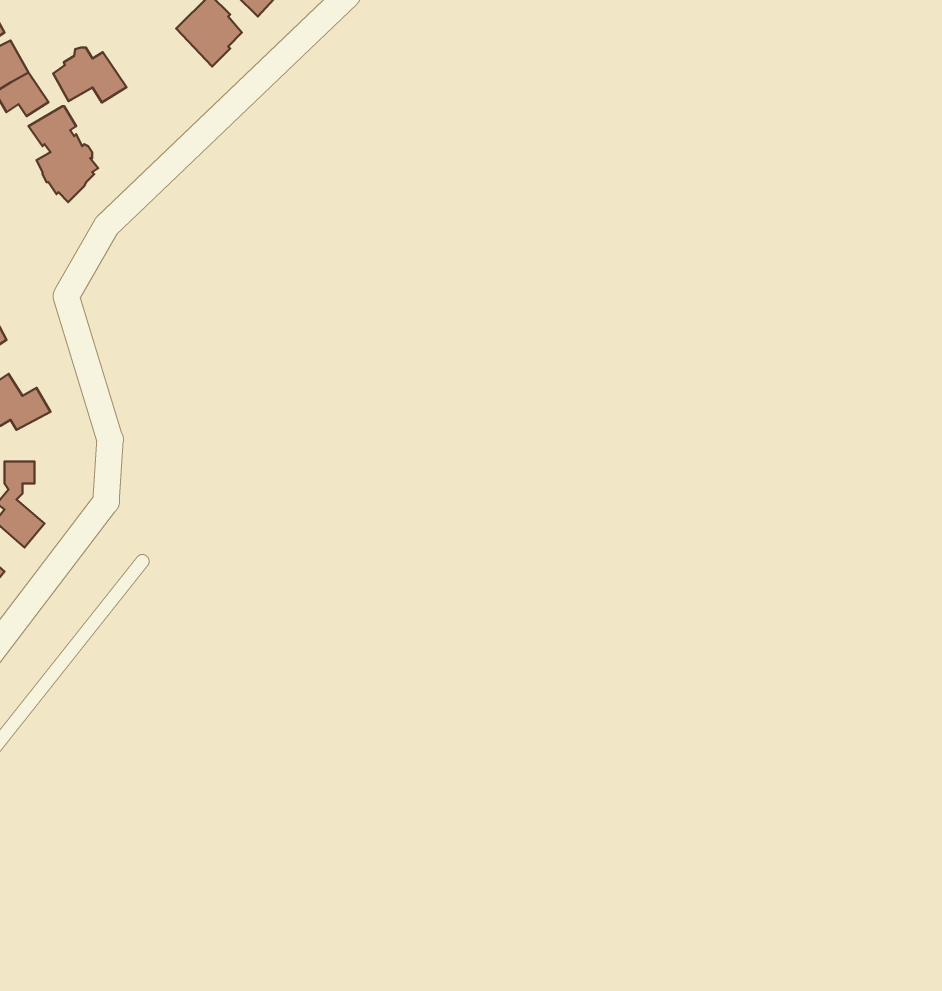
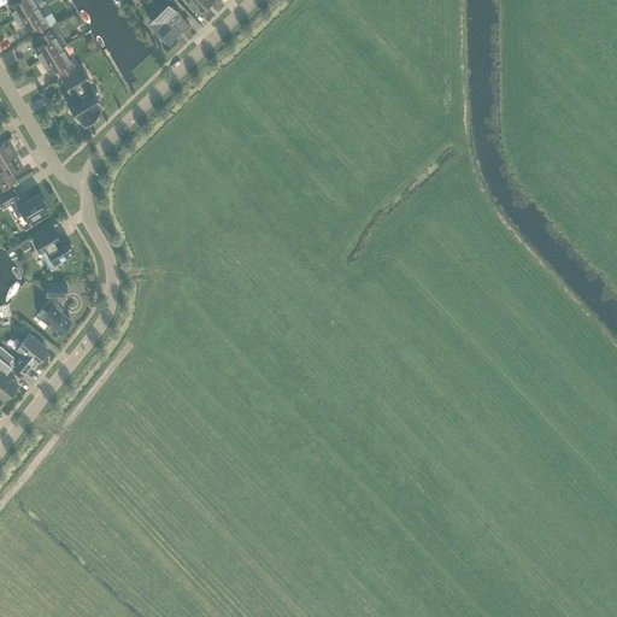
building: [53,47,127,103] -> none

